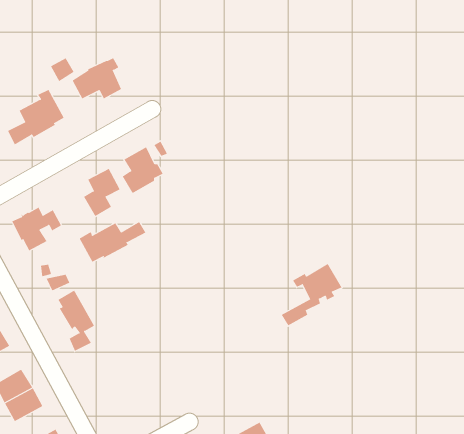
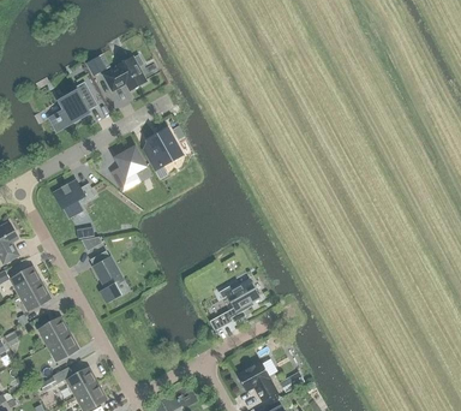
building: [79,221,146,263] -> none
building: [281,263,342,326] -> [209,278,261,330]

